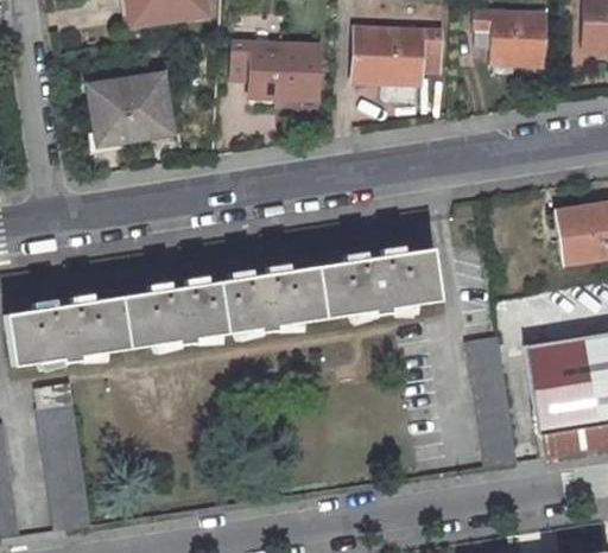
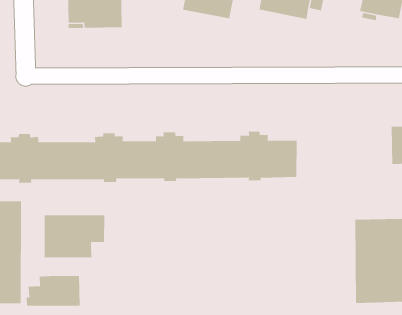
building: [467,336,517,466] -> none
building: none -> [44,214,105,258]
building: none -> [26,275,80,307]

